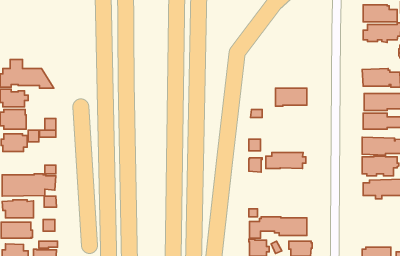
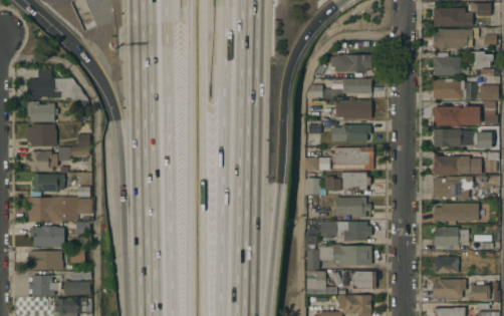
building: none -> [434,52,469,75]
building: none -> [330,55,370,72]
building: none -> [307,78,370,97]
building: none -> [331,124,370,141]
building: none -> [330,146,372,170]
building: none -> [33,174,63,193]
building: none -> [333,198,370,218]
building: none -> [319,222,370,241]
building: none -> [434,227,468,246]
building: none -> [434,256,458,273]

